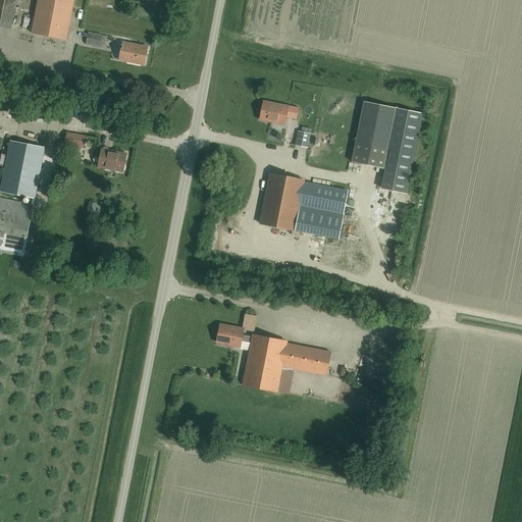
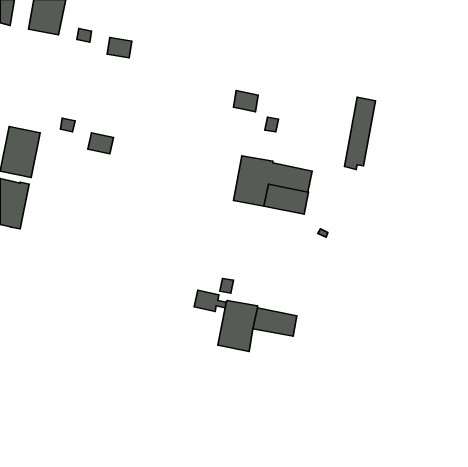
building: [352,101,395,168] -> none

